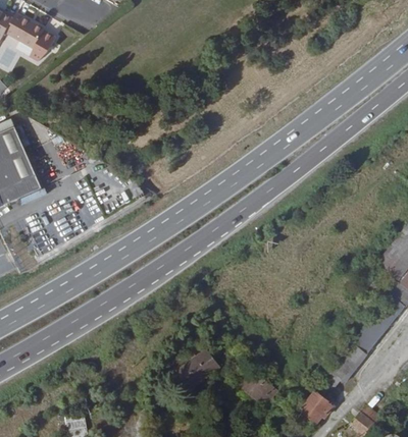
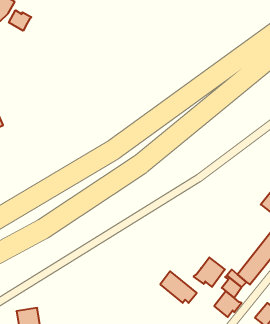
building: none -> [9,10,31,31]
building: [175,348,220,389] -> none
building: none -> [194,257,225,287]

